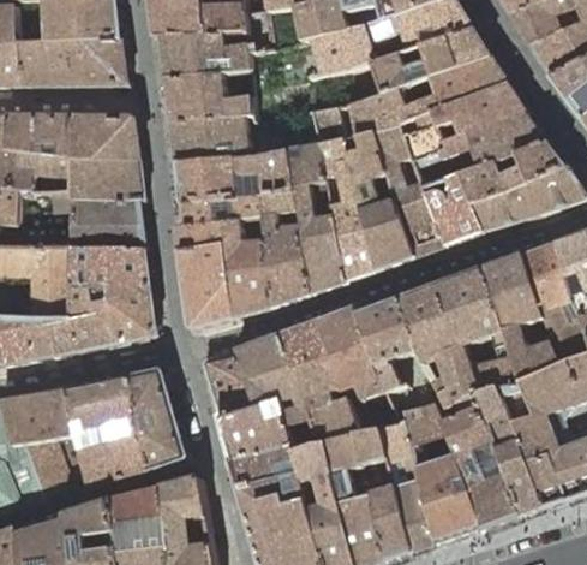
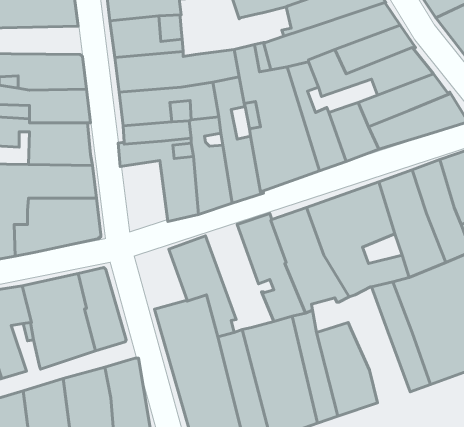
building: [178,243,234,327] -> none
building: [278,319,359,440] -> none
building: [202,351,257,418] -> none
building: [403,392,520,529] -> none

